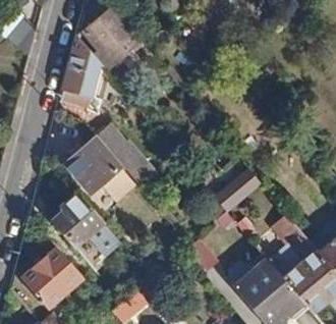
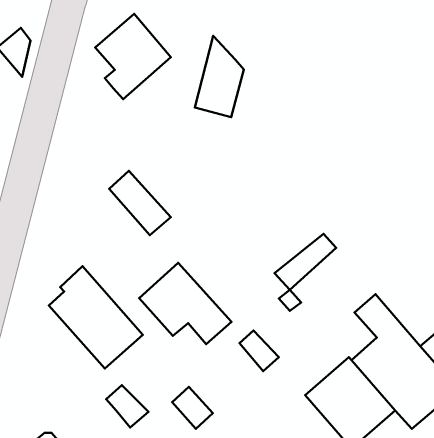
building: [60,41,96,100] -> [195,36,244,117]
building: [61,141,128,200] -> [139,263,232,344]
building: [20,251,79,310] -> none

